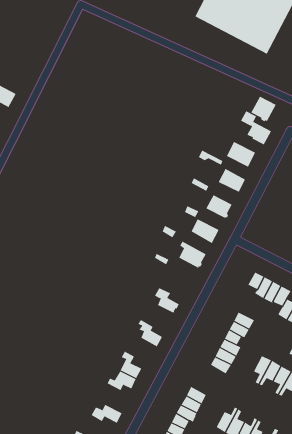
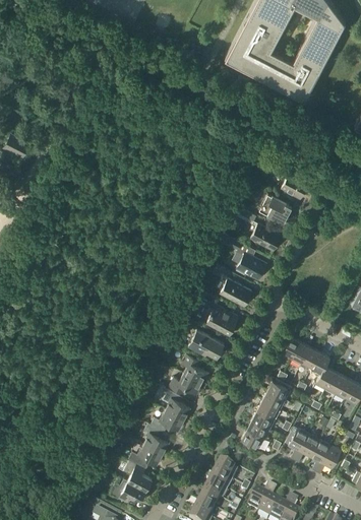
building: [251,96,276,122] -> none
building: none -> [189,330,224,359]
building: none -> [169,374,202,395]
building: none -> [148,409,184,431]
building: none -> [124,461,152,492]

